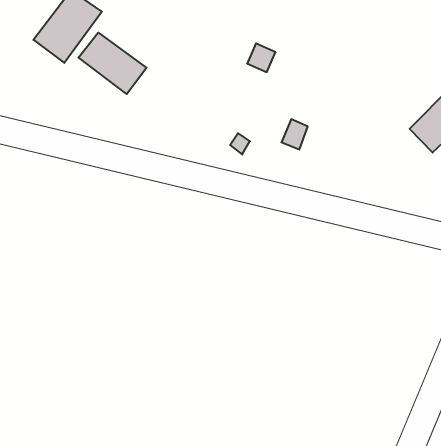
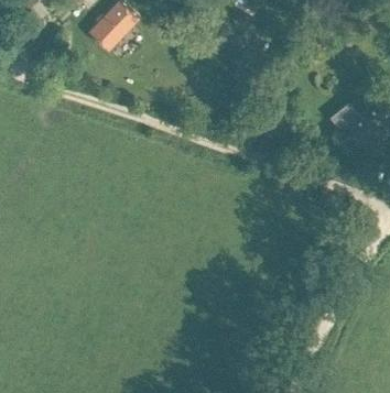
building: [78,33,147,94] -> none

